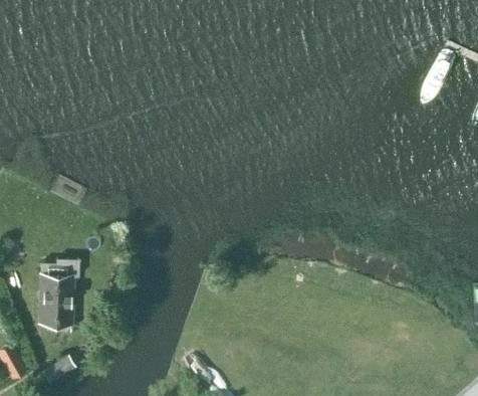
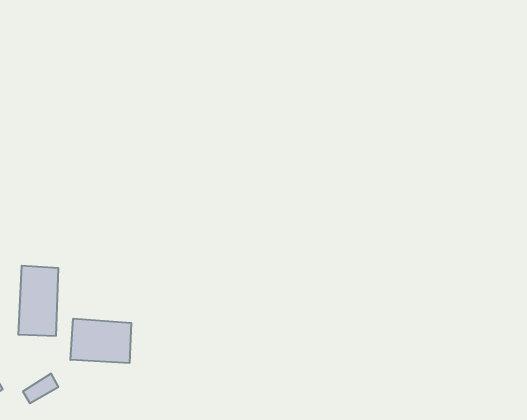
building: none -> [70,319,131,363]

